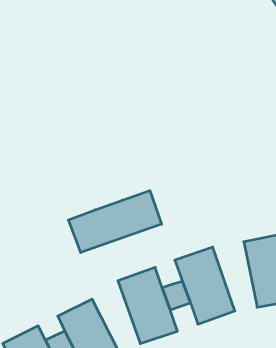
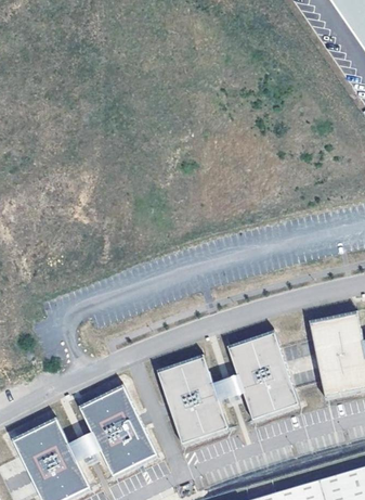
building: [68,191,162,253] -> none

